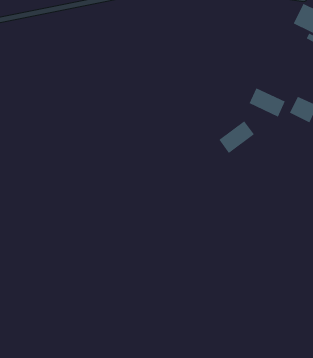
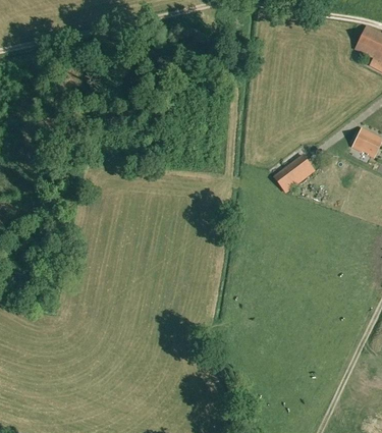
building: [249,87,286,118] -> none

